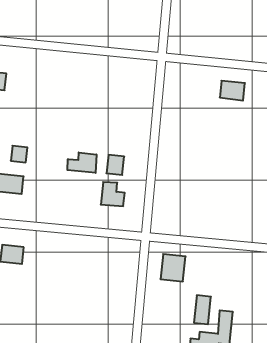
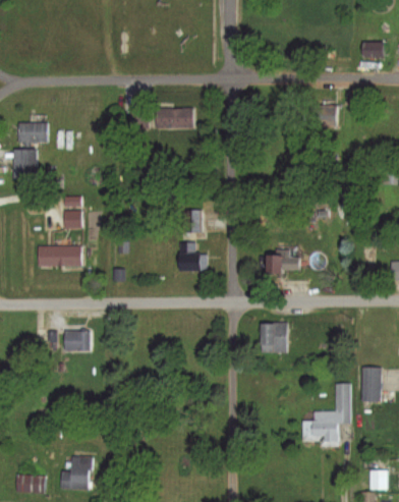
building: none -> [156,108,195,128]
building: [67,152,96,173] -> none
building: none -> [265,250,298,271]
building: [194,295,211,324] -> [362,368,380,401]

